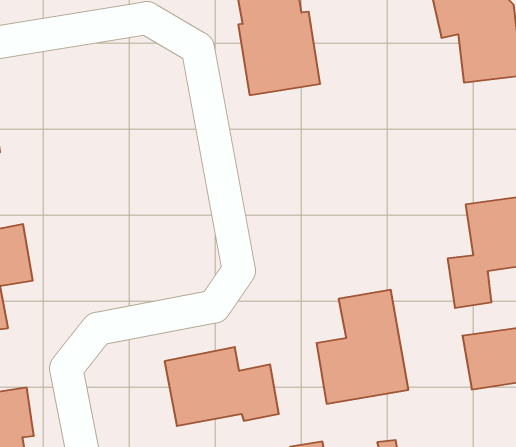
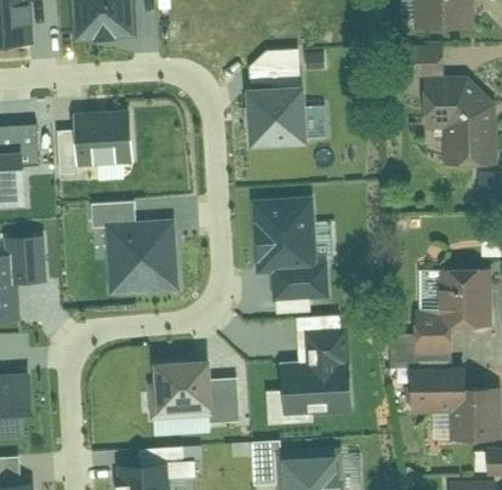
building: none -> [61,109,137,173]
building: none -> [255,196,333,301]
building: none -> [95,201,183,295]

